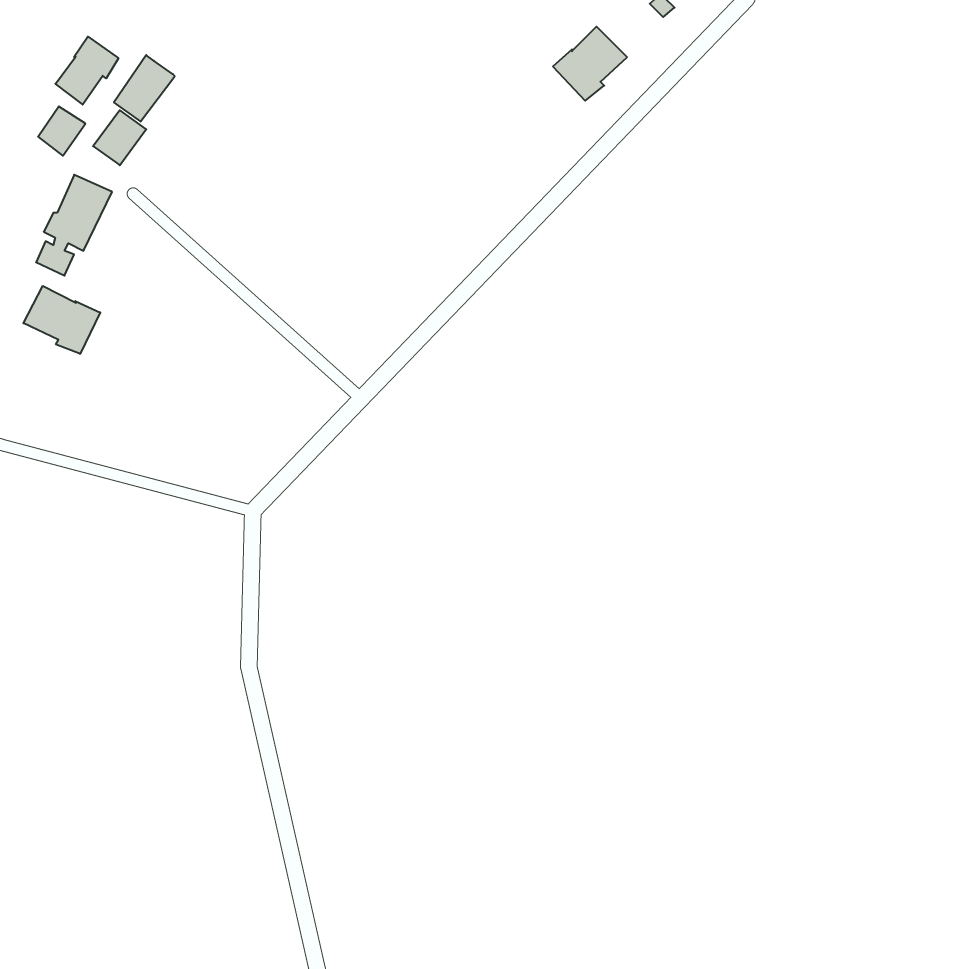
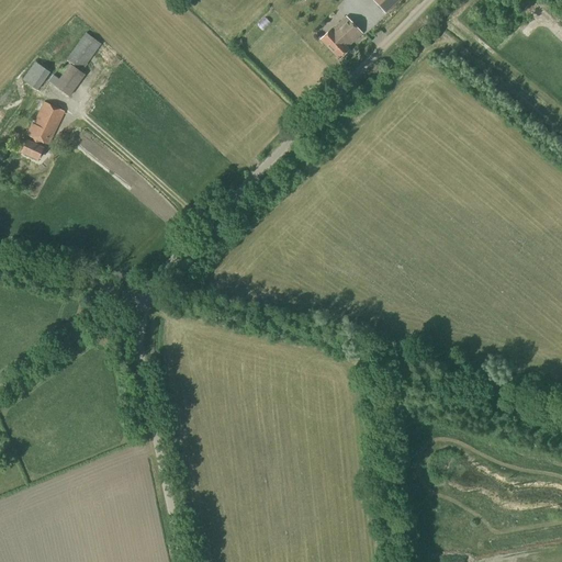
building: [55,37,118,105] -> none
building: [23,286,100,354] -> none

